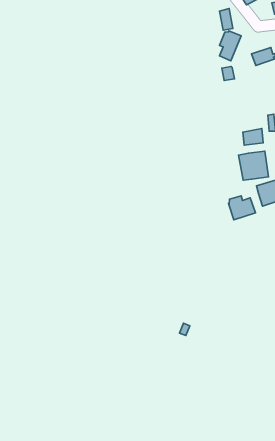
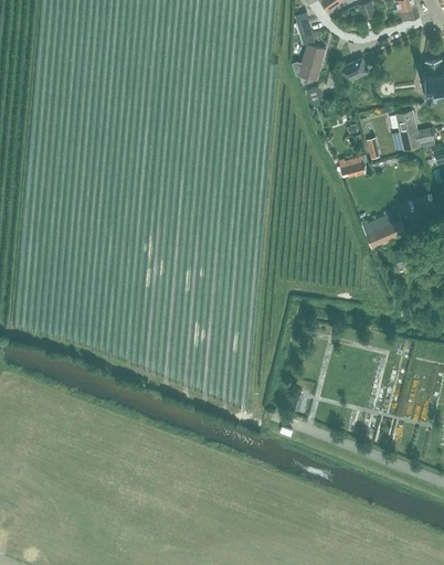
building: [239,151,268,180] -> none
building: [228,196,255,220] -> none

